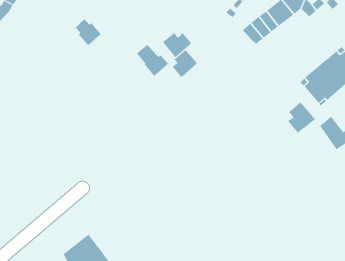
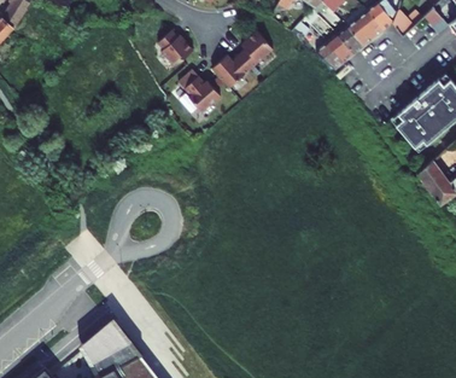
building: [75,18,102,46] -> [158,30,193,66]
building: [172,49,198,78] -> [239,31,273,69]
building: [287,102,316,134] -> none

